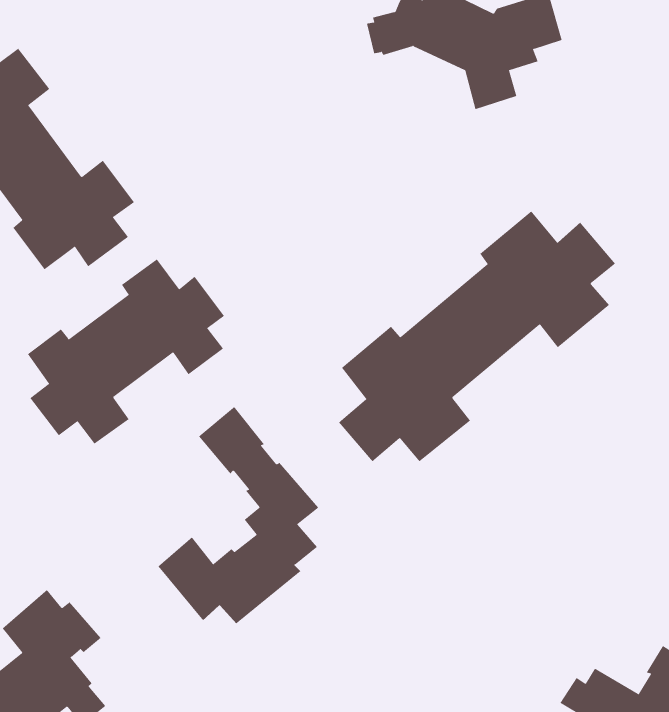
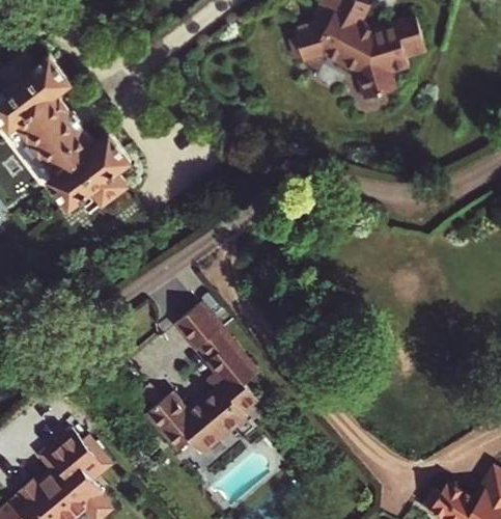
building: [338,210,616,462] -> none
building: [27,258,225,444] -> none

